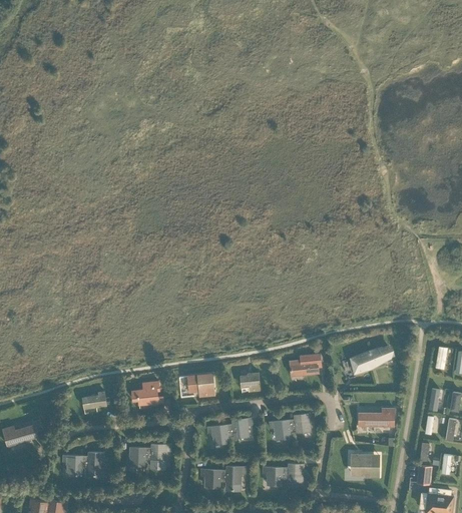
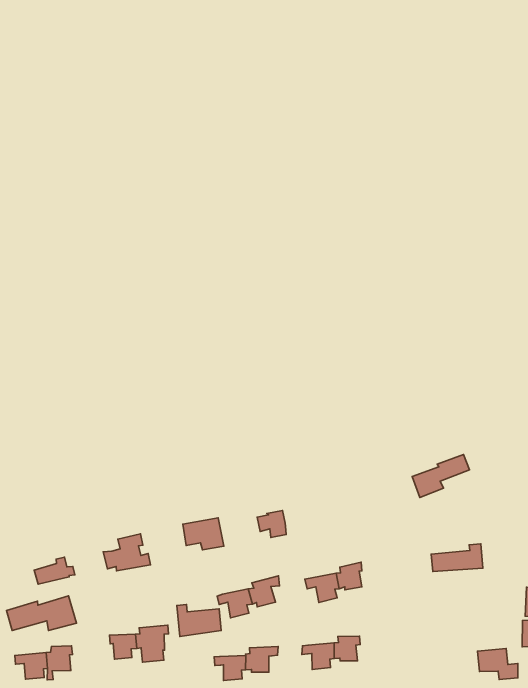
building: [288,354,320,376] -> none
building: none -> [7,596,76,631]
building: none -> [177,604,221,636]
building: [351,455,378,476] -> [478,649,518,680]

